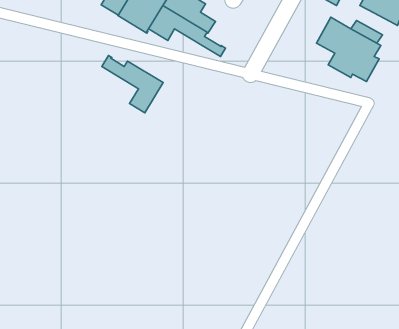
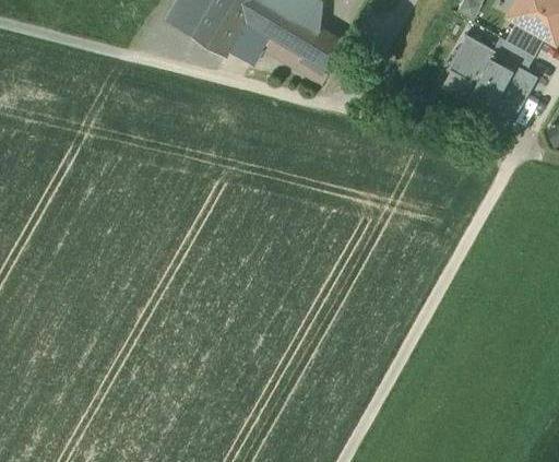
building: none -> [298,14,344,70]
building: none -> [509,22,546,55]
building: [102,56,163,113] -> none

